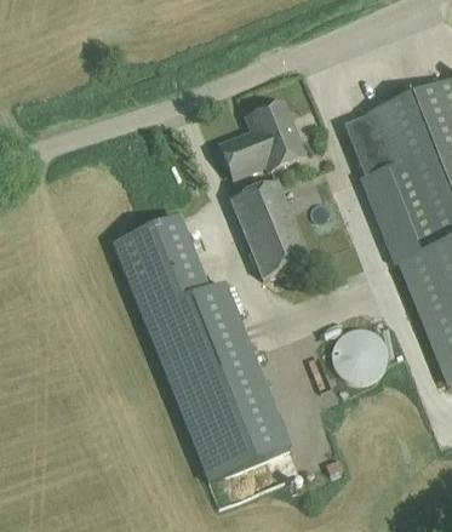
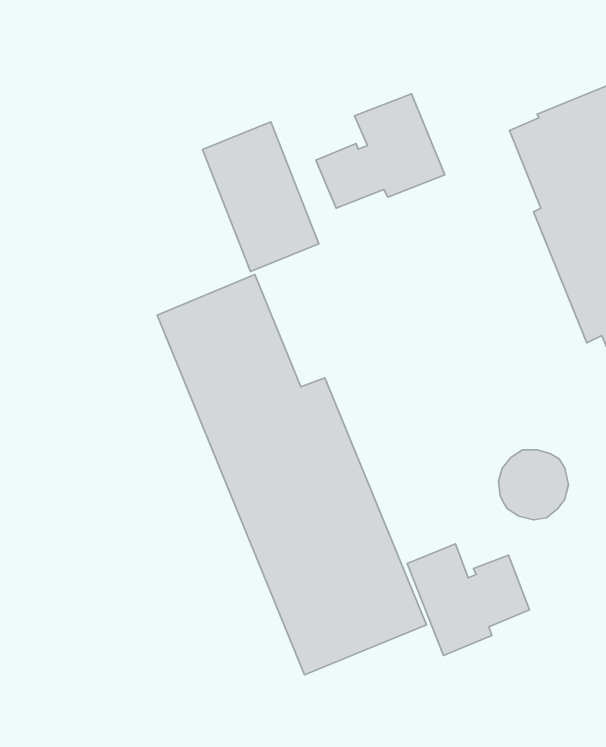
building: [229,176,305,274] -> [203,122,319,271]
building: none -> [407,544,529,655]

